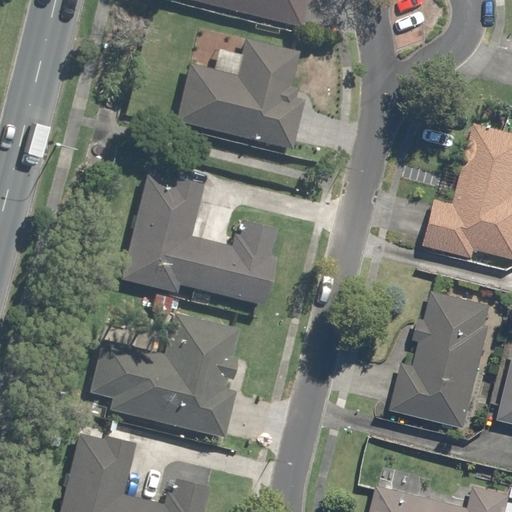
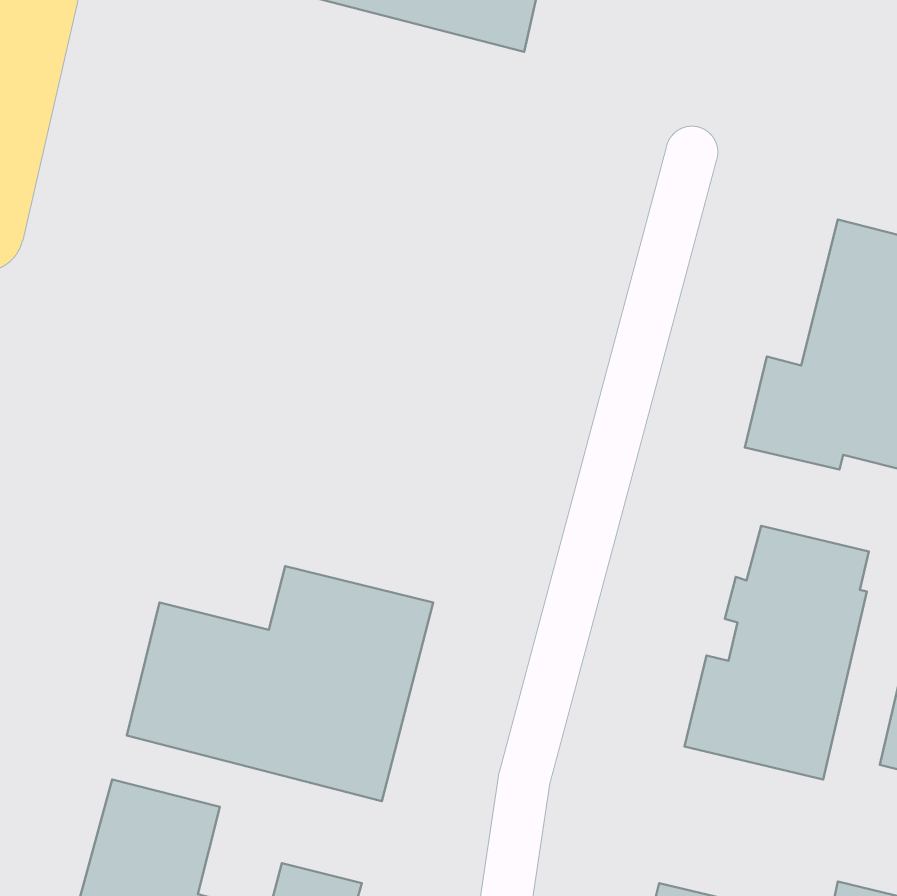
building: [174,36,305,151] -> none
building: [119,171,282,312] -> none

